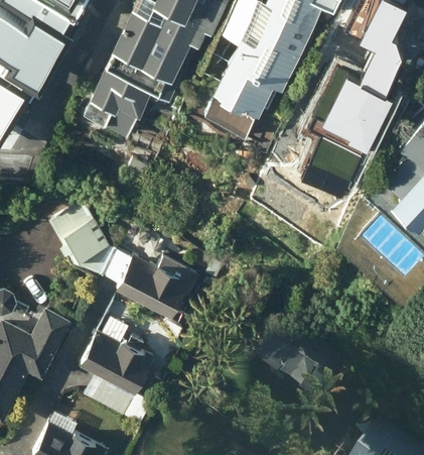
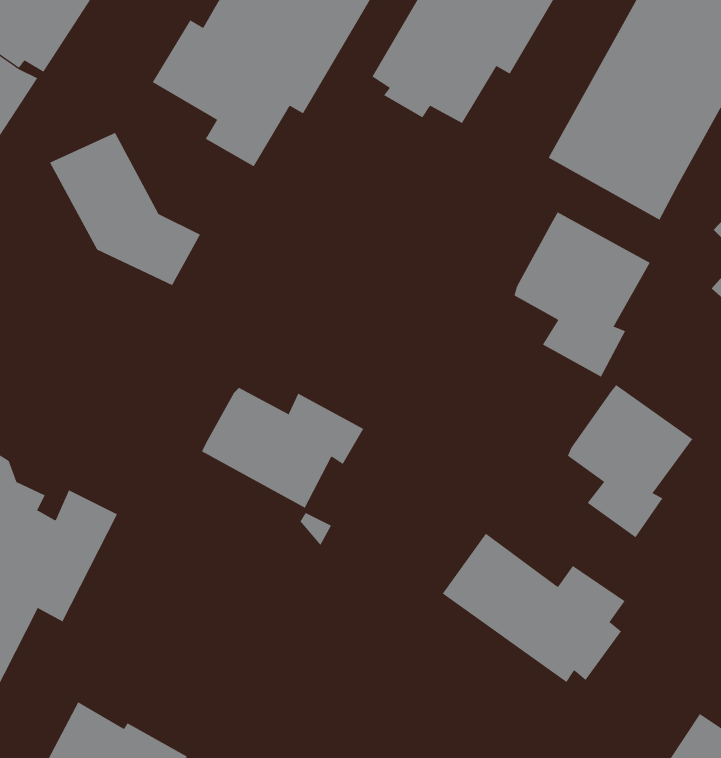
building: none -> [514,211,651,378]
building: [50,201,131,282] -> [49,132,201,286]
building: none -> [567,384,693,538]
building: [80,317,151,420] -> none

